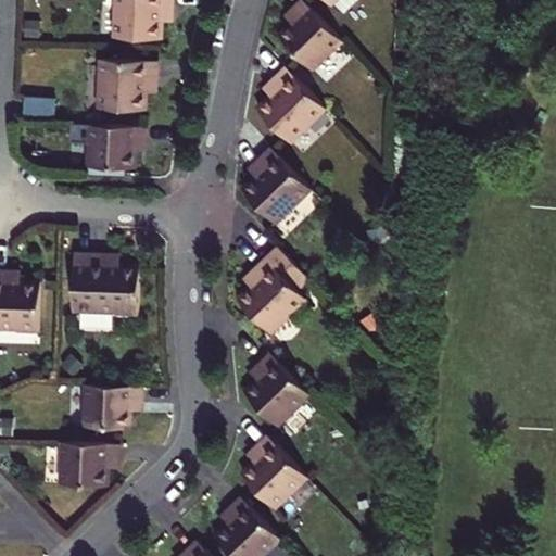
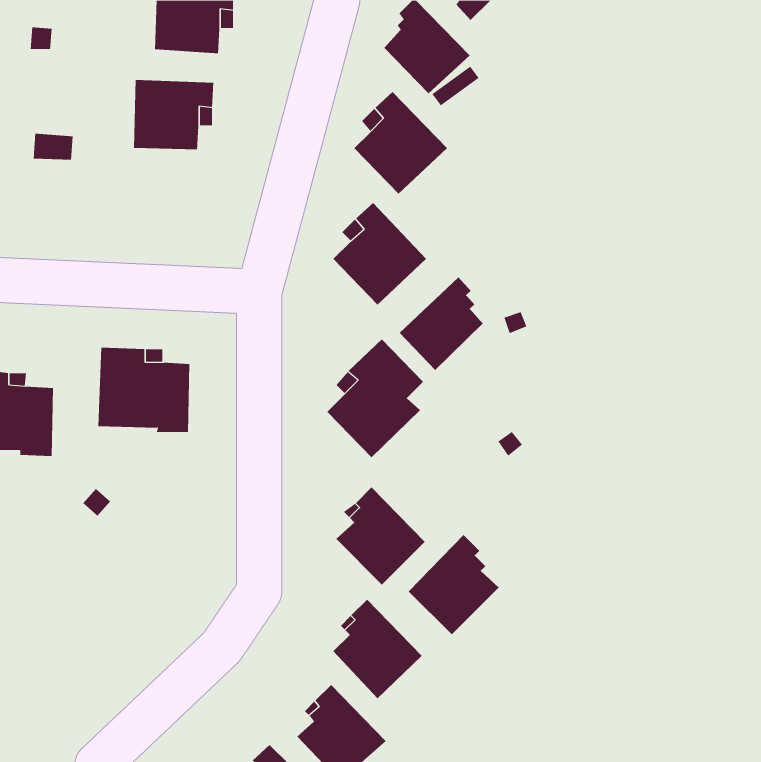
building: [86,126,144,169] -> none
building: none -> [399,276,484,371]
building: [81,386,140,429] -> none
building: none -> [408,534,500,635]
building: [59,443,117,486] -> none

